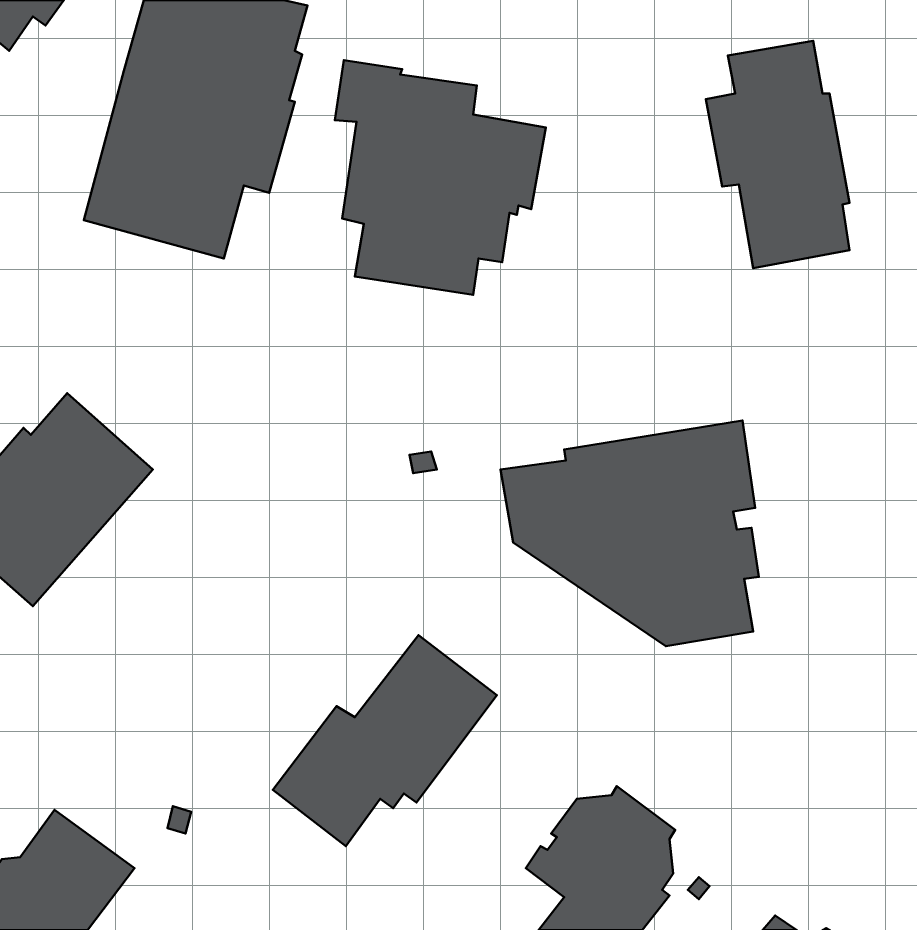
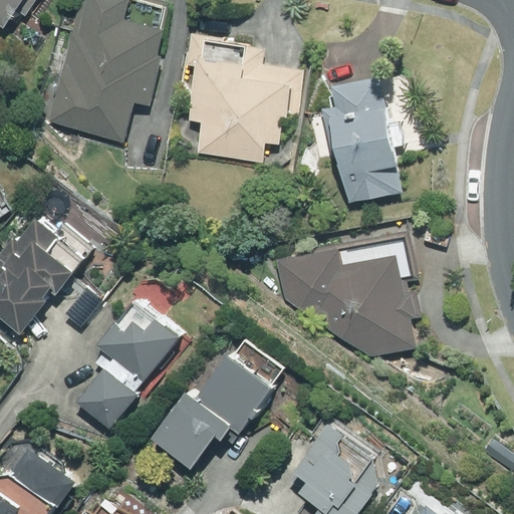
building: [706,41,850,268] -> [321,77,401,203]
building: none -> [76,299,180,429]

